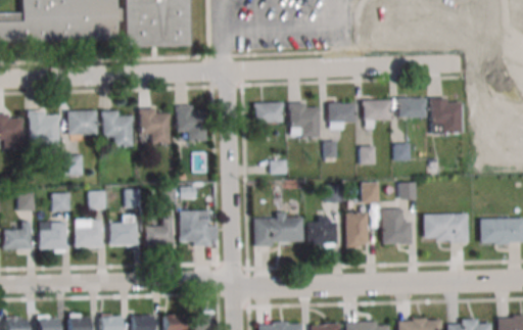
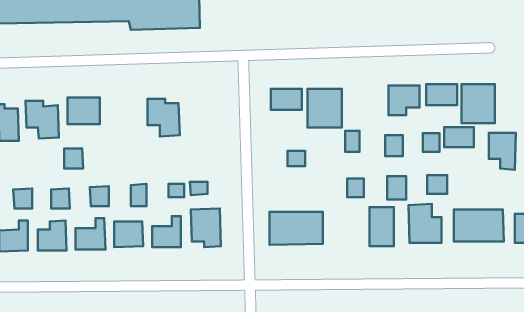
building: [329,101,356,128] -> none
building: [178,107,207,142] -> none
building: [104,112,134,147] -> none
building: none -> [444,127,474,147]
building: none -> [489,133,516,170]
building: [308,218,337,244] -> none

